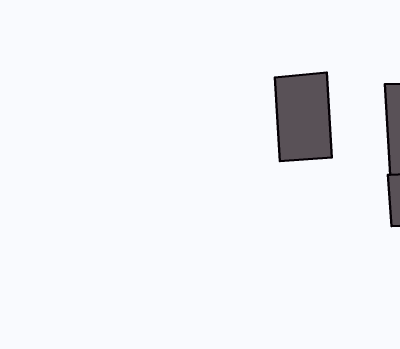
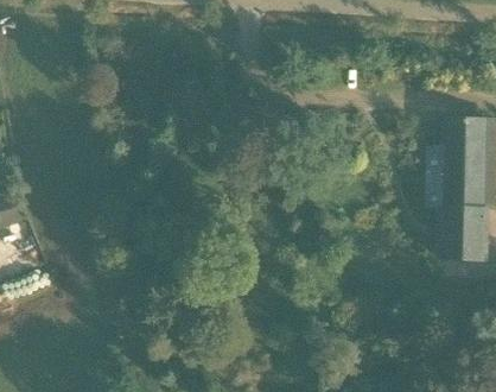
building: [275,73,332,161] -> none

